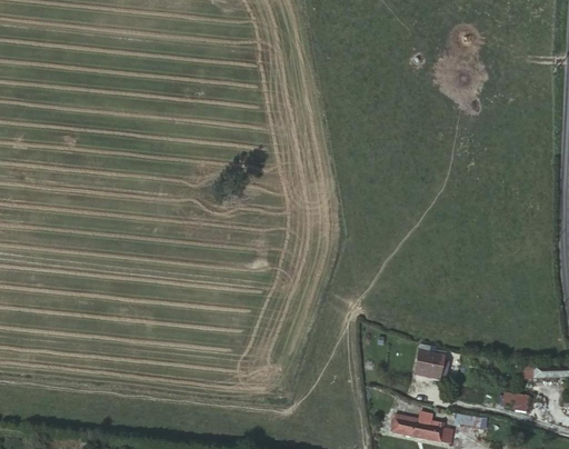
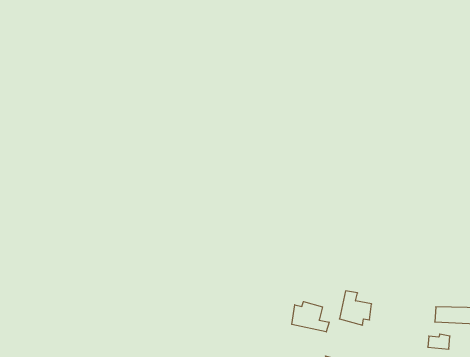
building: none -> [292,302,329,332]

